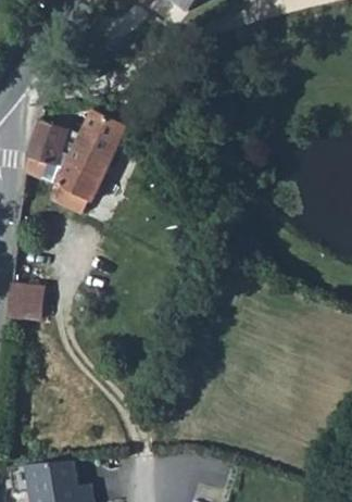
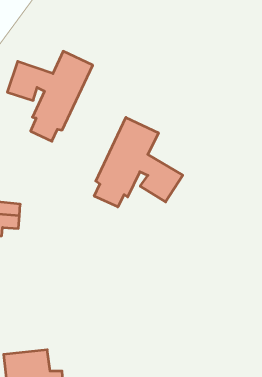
building: none -> [94,117,183,207]

